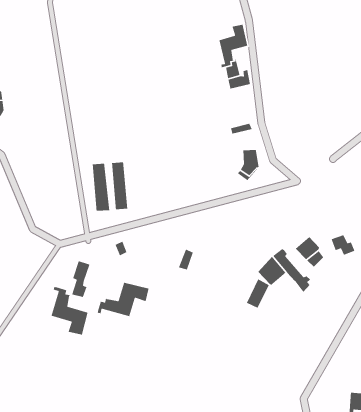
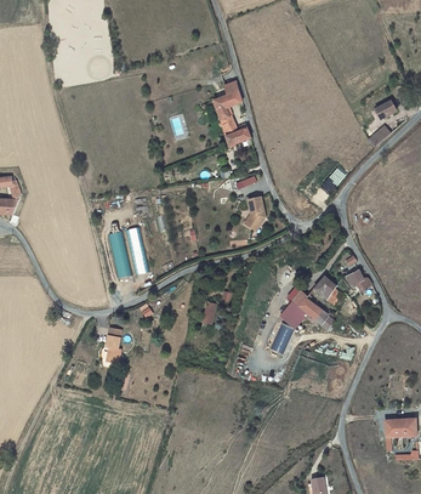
building: [97,282,149,317] -> none
building: [51,286,88,335] -> none

